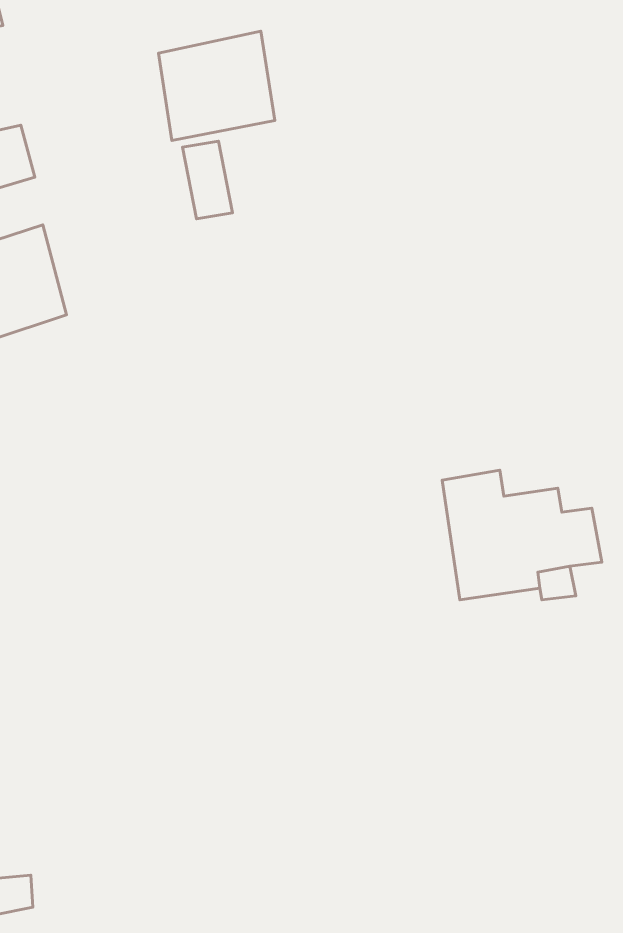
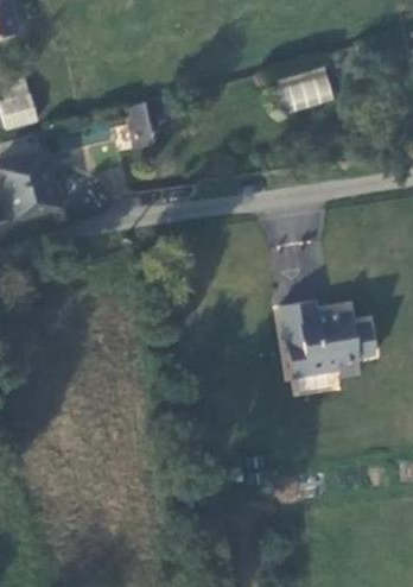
building: [159,31,275,140] -> none
building: none -> [279,67,333,113]

